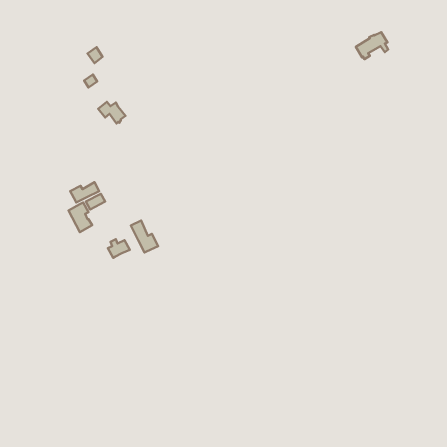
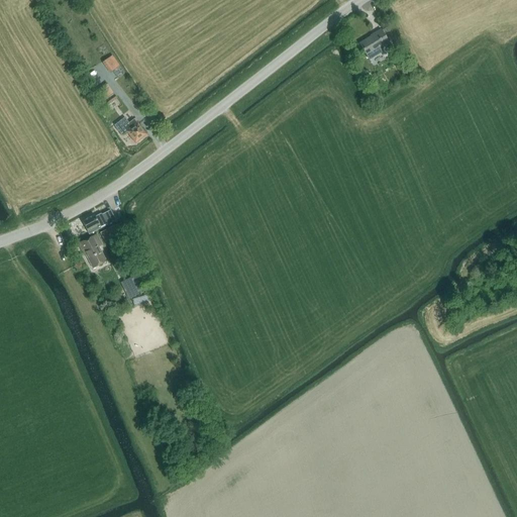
building: [356,32,388,59] -> [358,26,396,58]
building: [131,220,158,253] -> none

